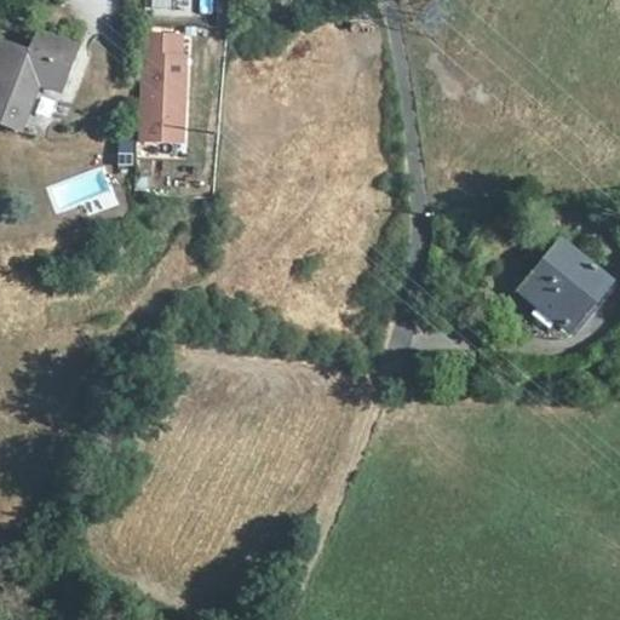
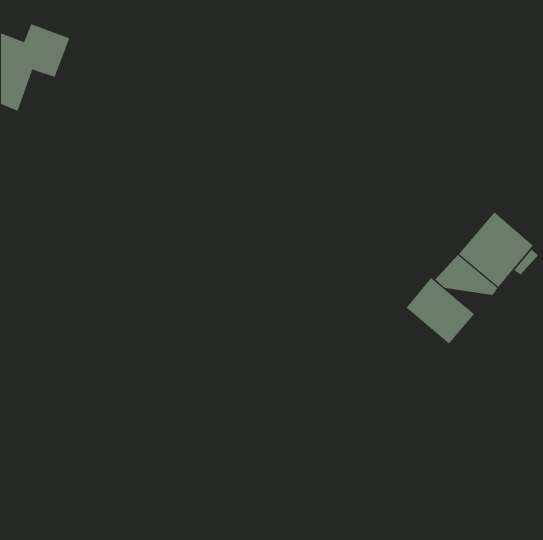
building: [142,33,188,140] -> none
building: none -> [406,277,475,345]

